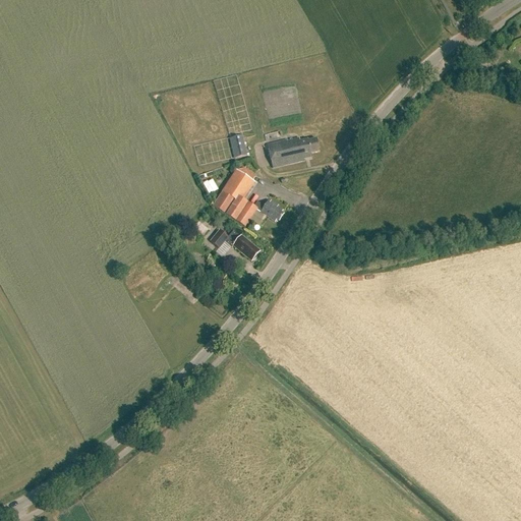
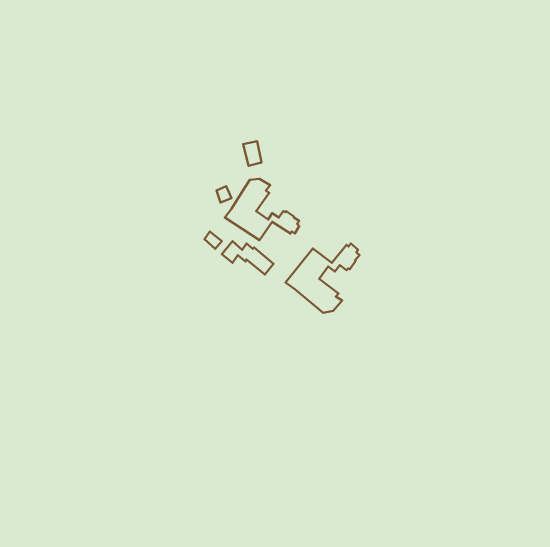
building: [266,137,316,167] -> none
building: none -> [285,243,360,313]

